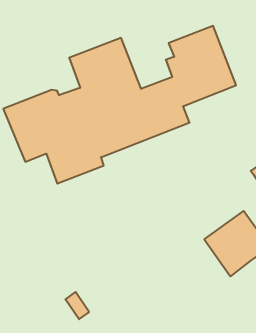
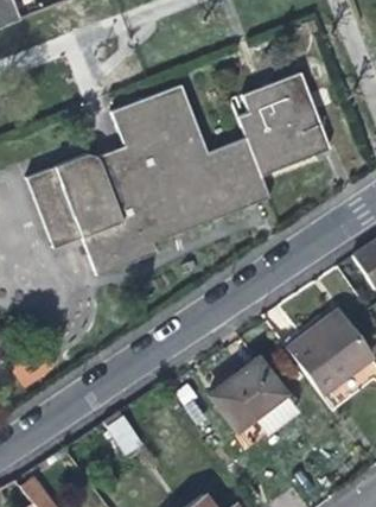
building: none -> [209,360,299,451]

